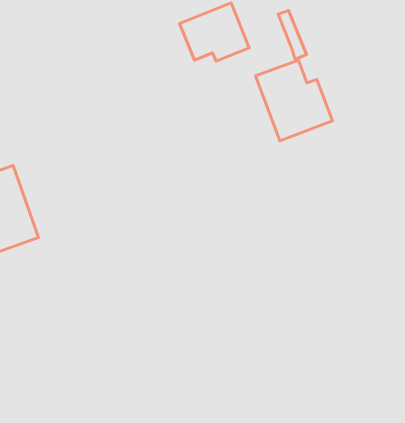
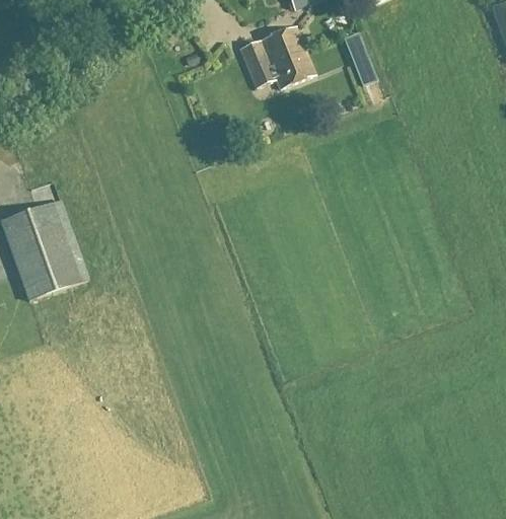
building: [255,60,332,141] -> none

